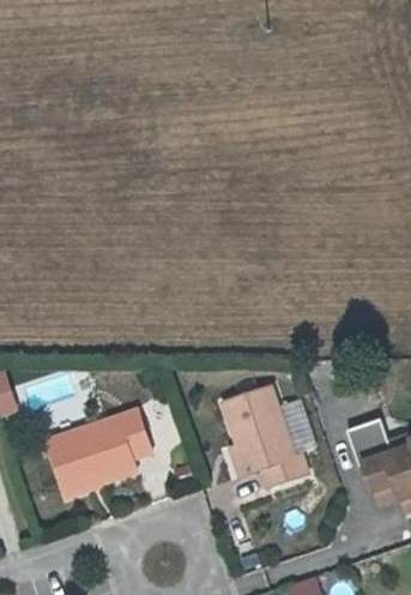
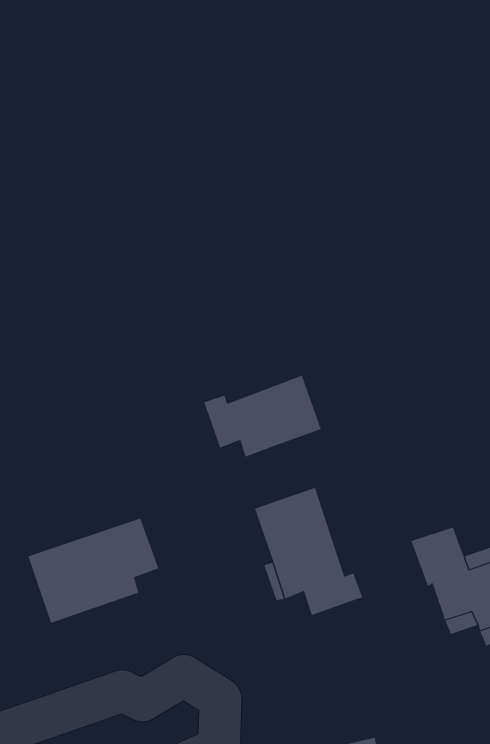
building: none -> [203,375,321,458]

